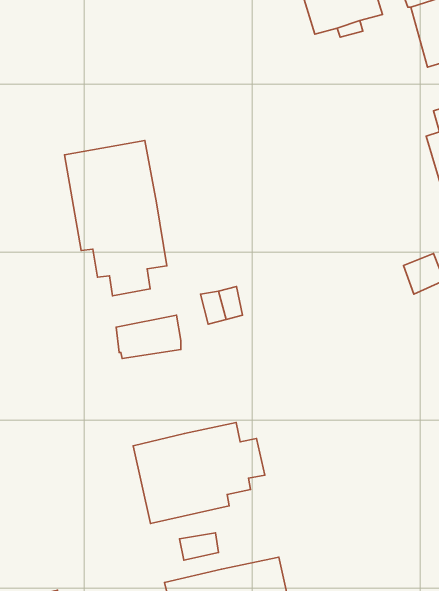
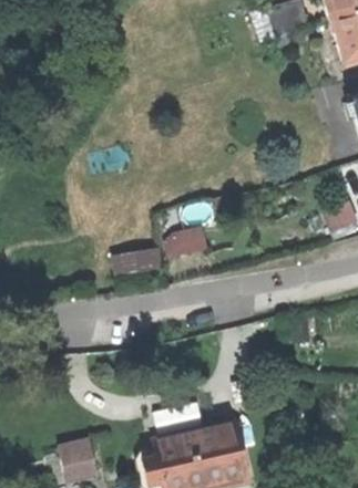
building: [64,141,167,296] -> none
building: [133,423,265,524] -> none

